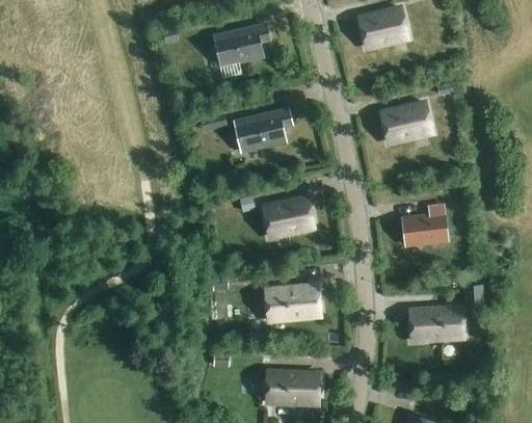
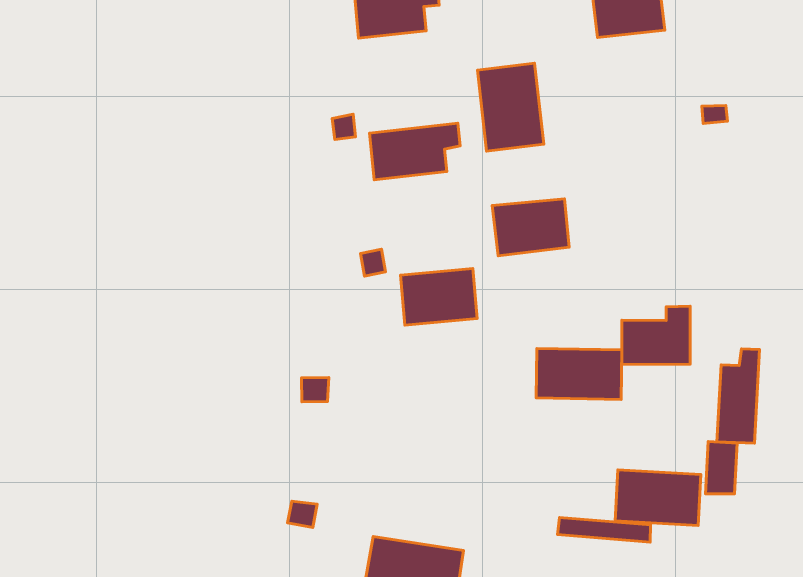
building: none -> [477,63,544,151]
building: [381,102,431,141] -> [492,199,569,256]
building: none -> [717,349,759,443]
building: [265,284,320,319] -> [536,348,622,399]

